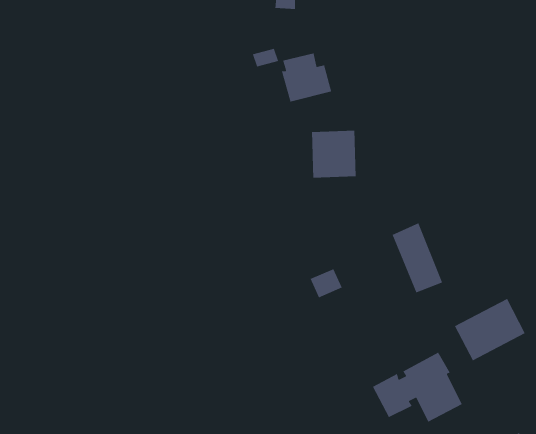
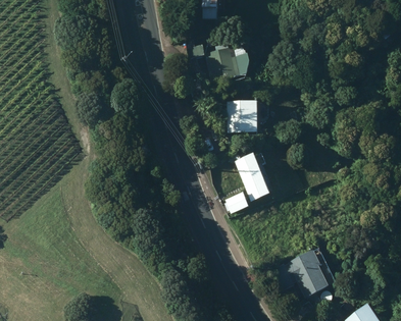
building: [392,222,443,294] -> [236,151,270,199]
building: [454,298,526,361] -> none

